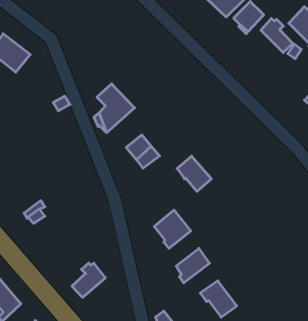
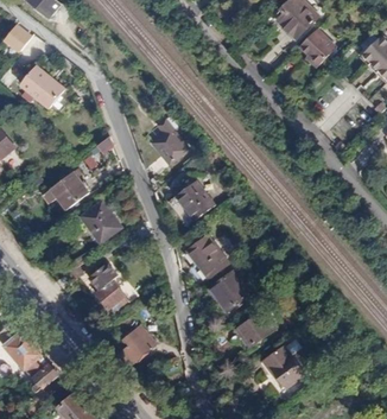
building: [261,18,293,53] -> none
building: none -> [53,171,90,208]
building: none -> [77,199,120,243]
building: [177,156,211,191] -> [186,234,226,274]
building: none -> [90,261,129,311]

